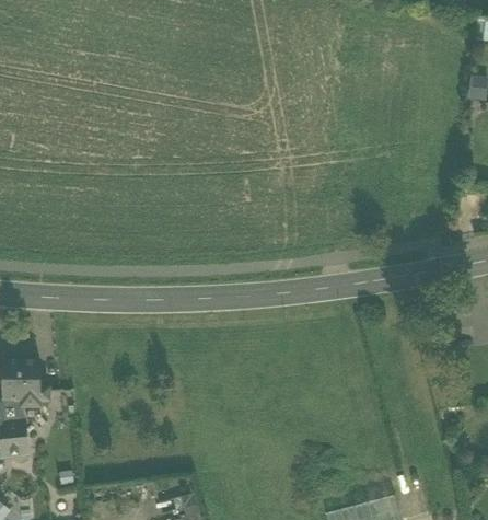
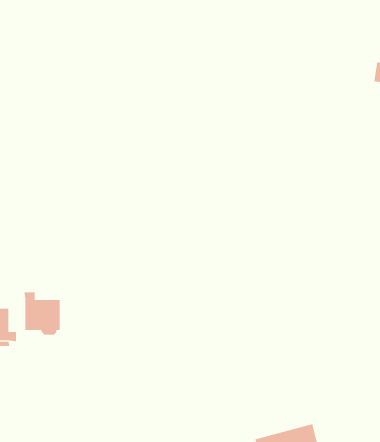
building: none -> [24,292,60,336]

